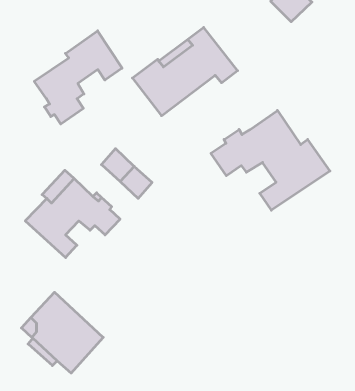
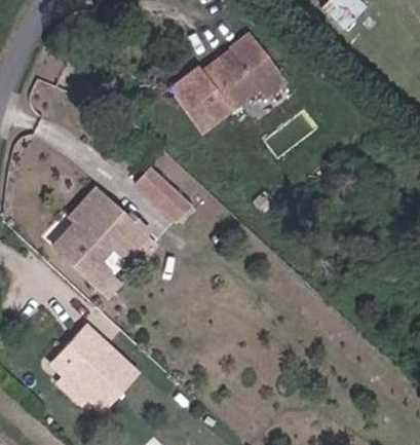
building: [34,31,122,124] -> none
building: [211,110,330,210] -> none

